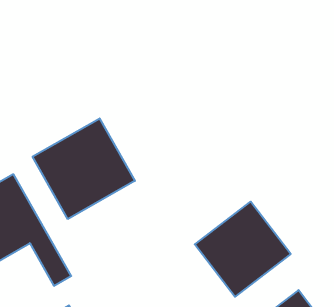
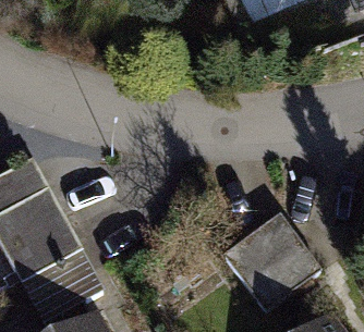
building: [33,118,135,219] -> none

